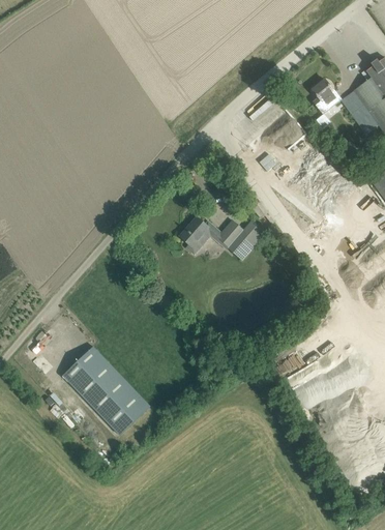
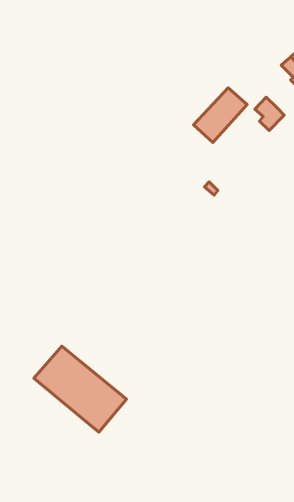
building: [312,80,339,113] -> [255,97,284,131]
building: [180,217,266,260] -> none

